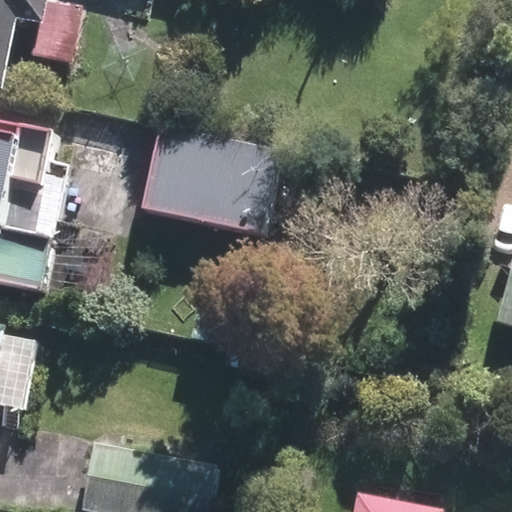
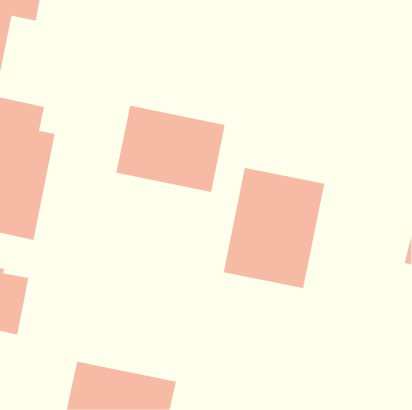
building: none -> [223,167,325,289]

